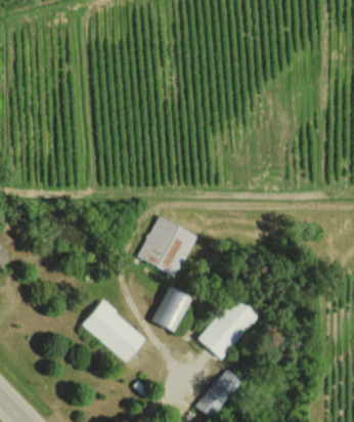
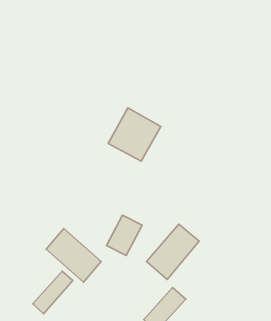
building: [137,215,197,277] -> [108,108,161,161]
building: none -> [33,271,73,314]

